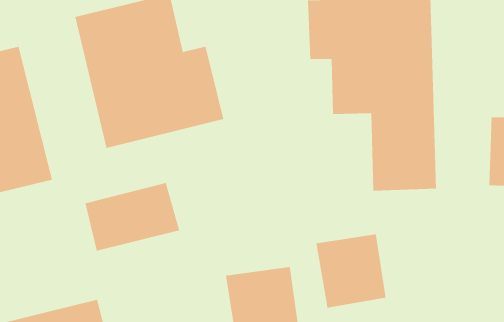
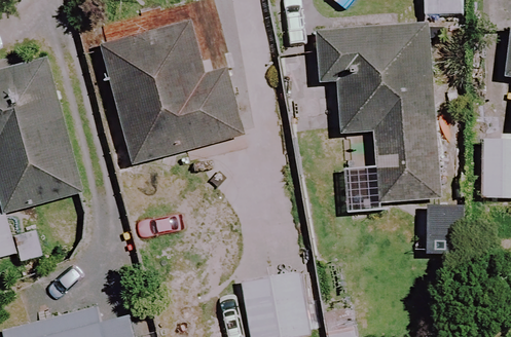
building: [85,182,180,252] -> none
building: [316,233,386,308] -> none

